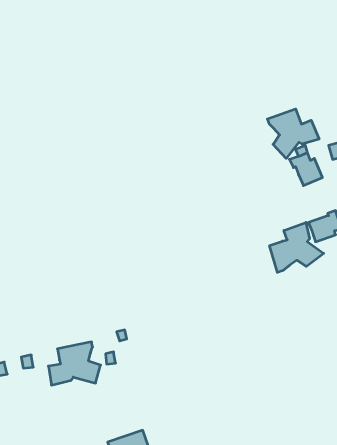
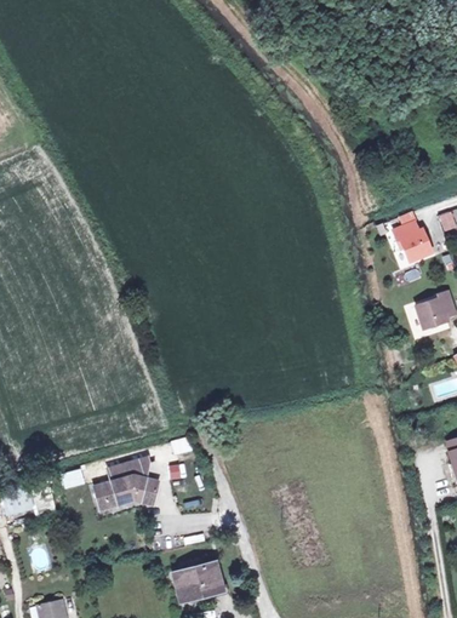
building: [267,109,319,158] -> none
building: [270,222,324,272] -> none

